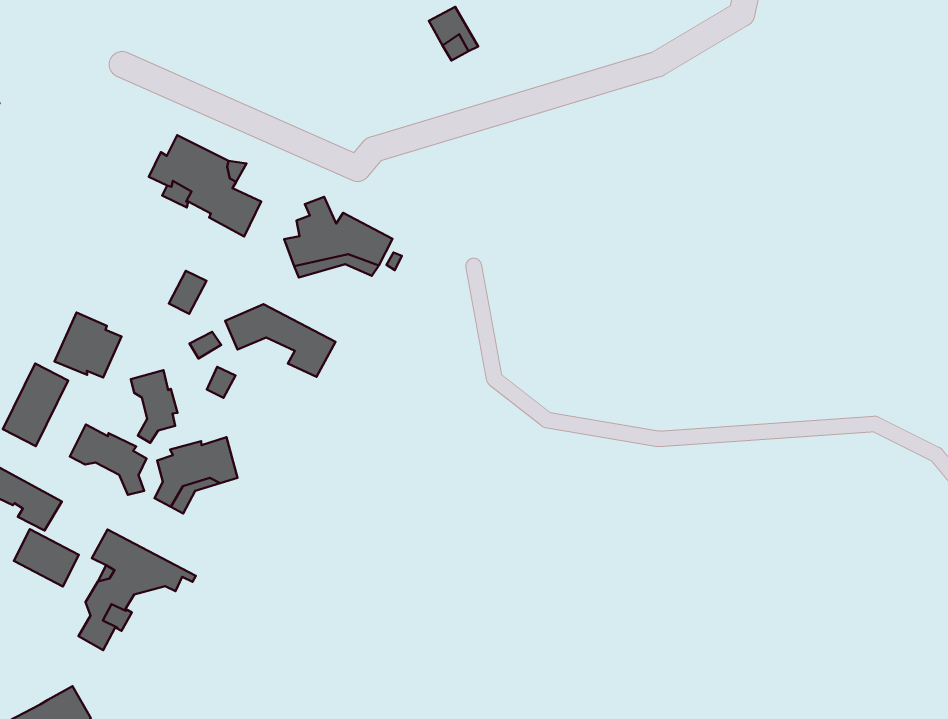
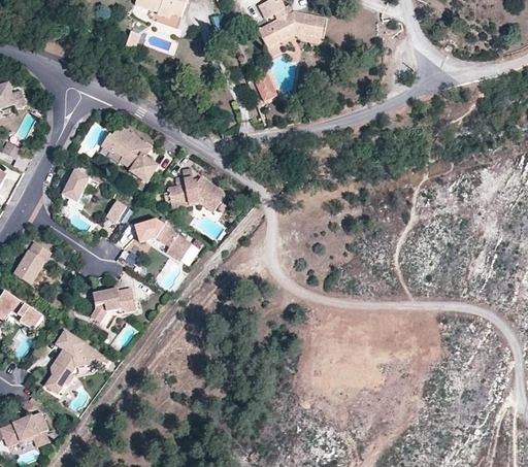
building: [55,313,122,378] -> [60,169,96,204]
building: [131,370,178,443] -> none
building: [70,424,147,495] -> none
building: [14,529,79,587] -> none

